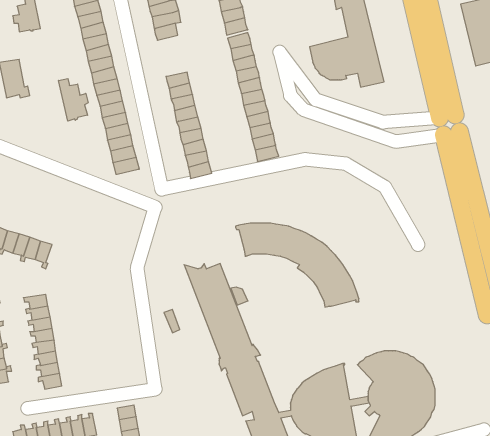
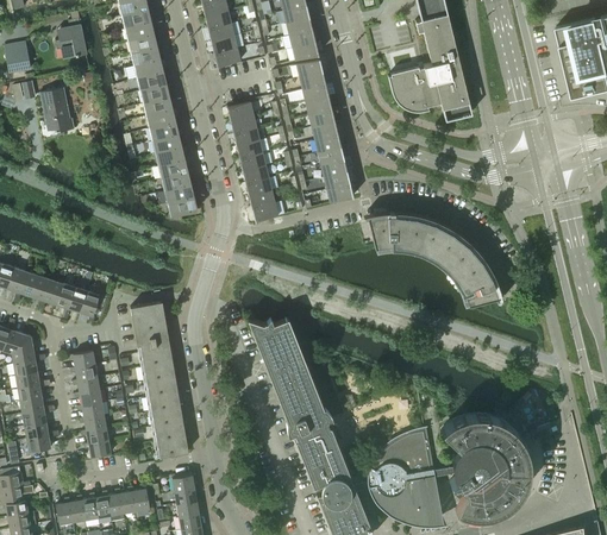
building: [59,79,88,121] -> none
building: [236,223,359,307] -> [364,213,502,307]
building: none -> [131,302,188,458]

